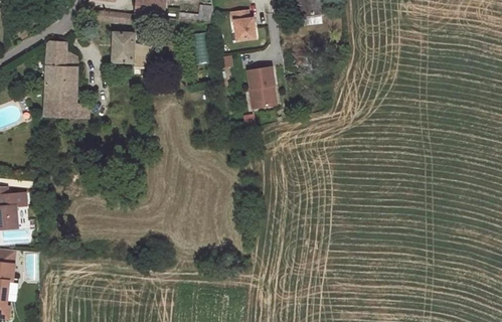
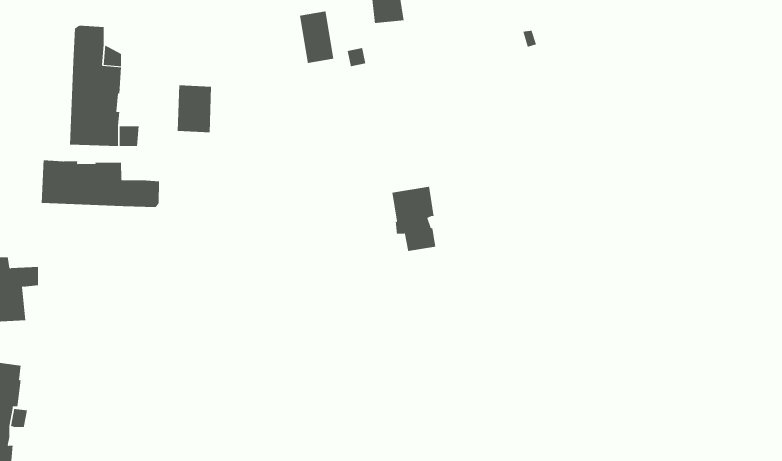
building: [113,31,135,61] -> [177,85,212,133]
building: [247,65,276,107] -> [391,186,436,252]
building: none -> [41,159,159,208]

